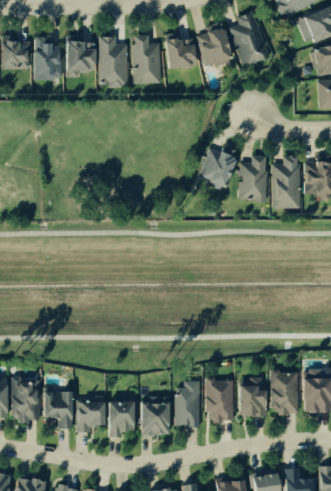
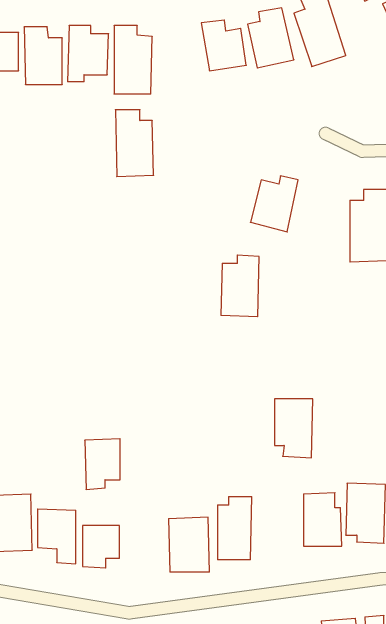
building: [132,35,160,84] -> [115,110,154,177]
building: [239,156,267,201] -> [221,255,259,317]
building: [205,379,233,422] -> [275,399,313,458]
building: [107,401,133,438] -> [85,439,120,489]

